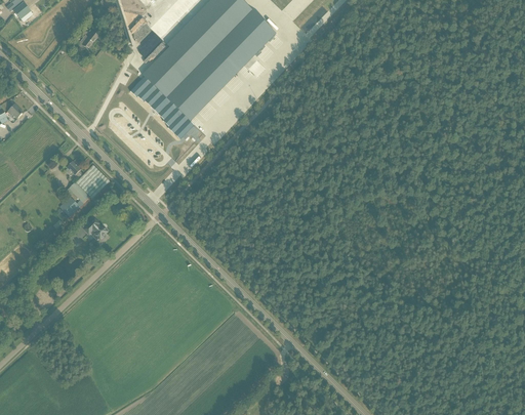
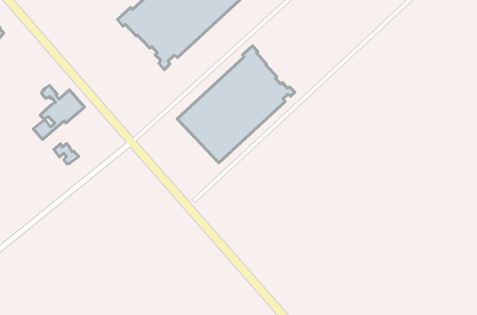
building: none -> [177,46,295,163]

